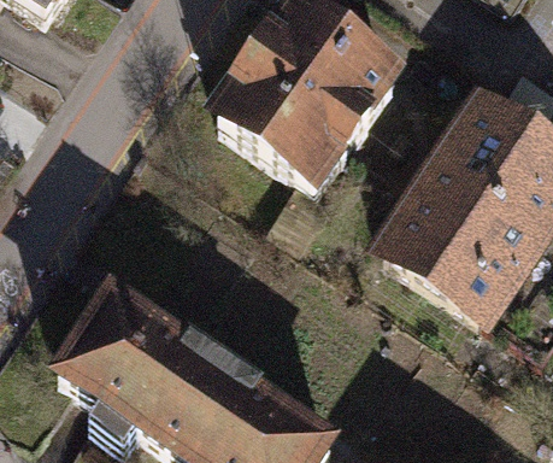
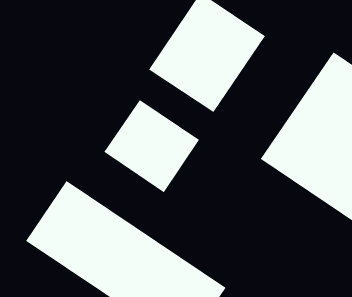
building: none -> [103,99,200,193]

